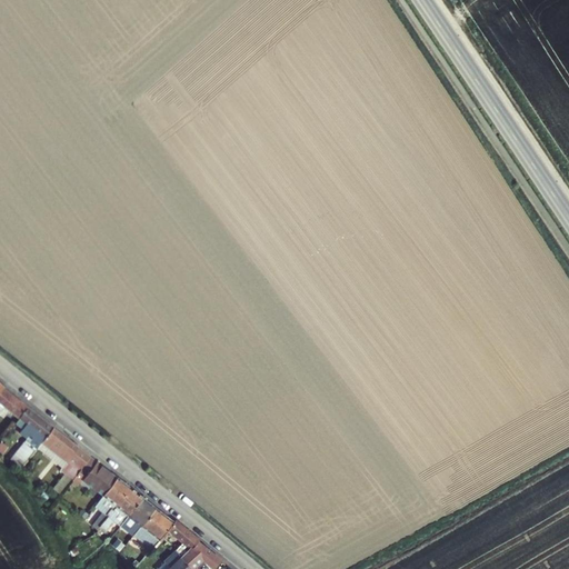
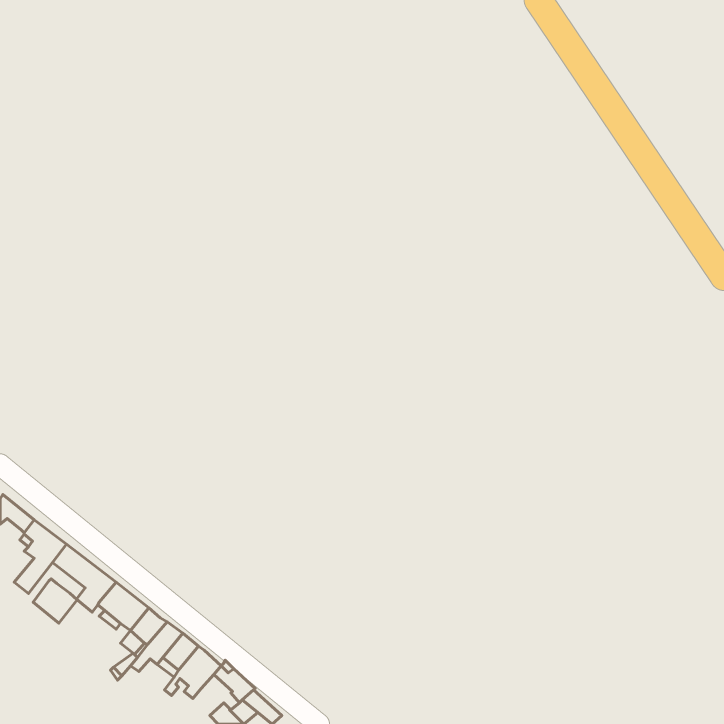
building: none -> [33,579,77,623]

